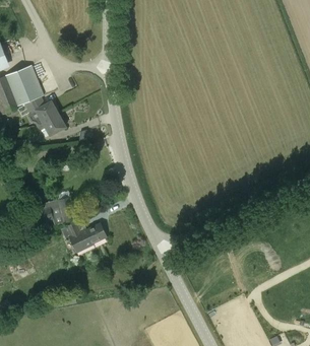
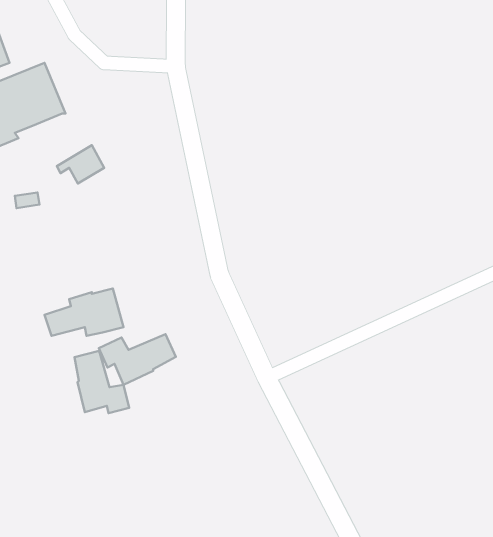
building: [23,95,58,126] -> none
building: none -> [75,351,129,413]

